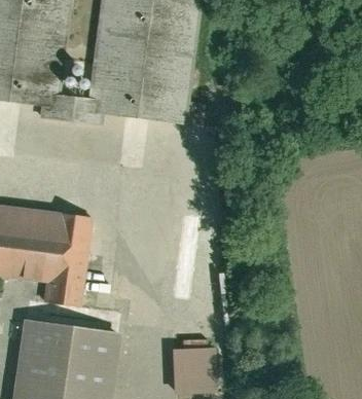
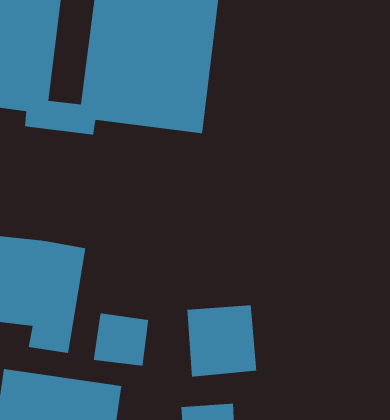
building: none -> [187,305,257,377]
building: none -> [93,312,149,367]

